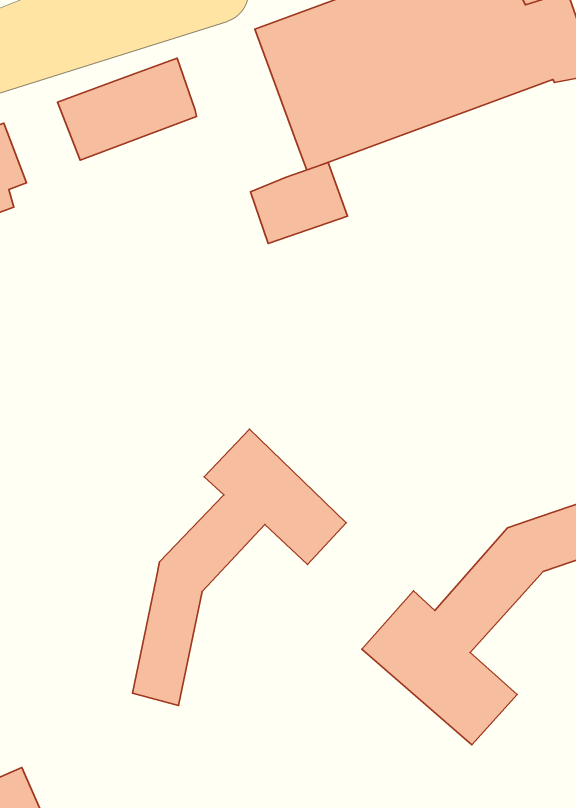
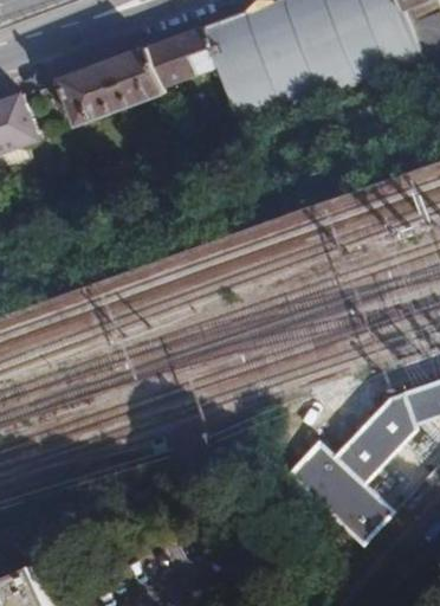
building: [250,163,348,244] -> [147,26,218,85]
building: [132,429,346,705] -> none

